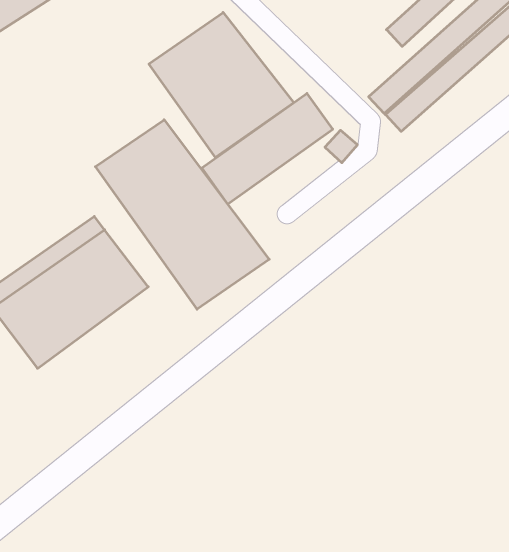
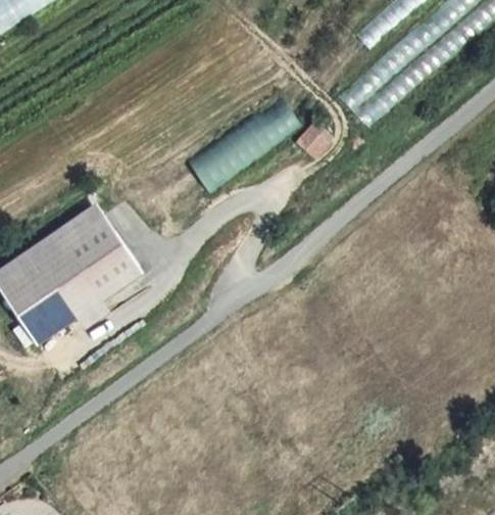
building: [149,12,294,157] -> none
building: [95,120,269,309] -> none

